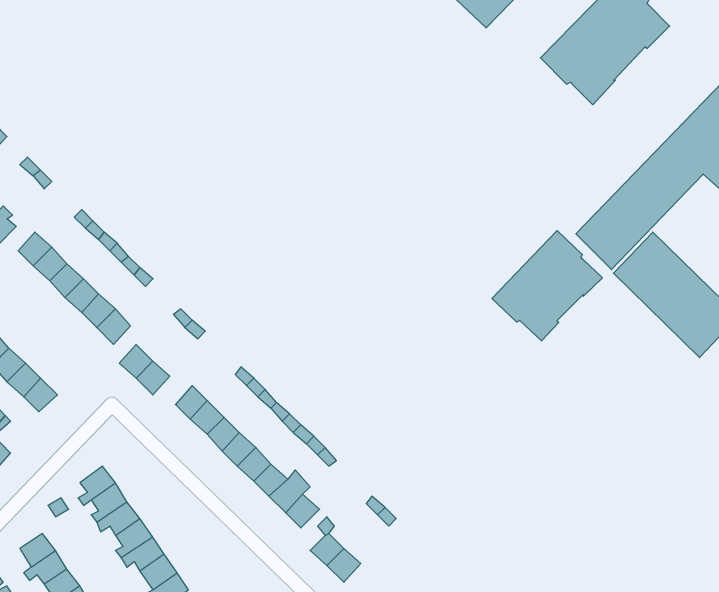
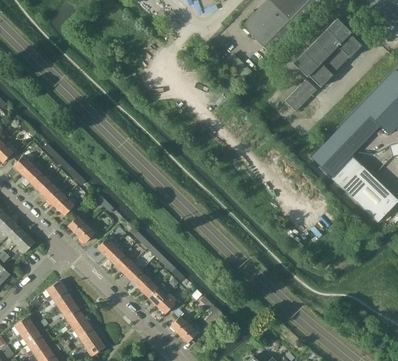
building: none -> [285,80,317,112]
building: [492,231,602,341] -> none

